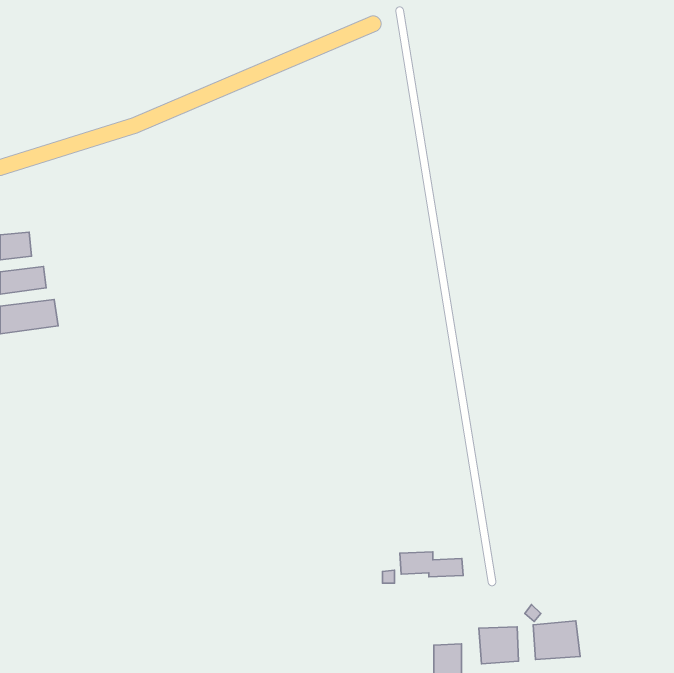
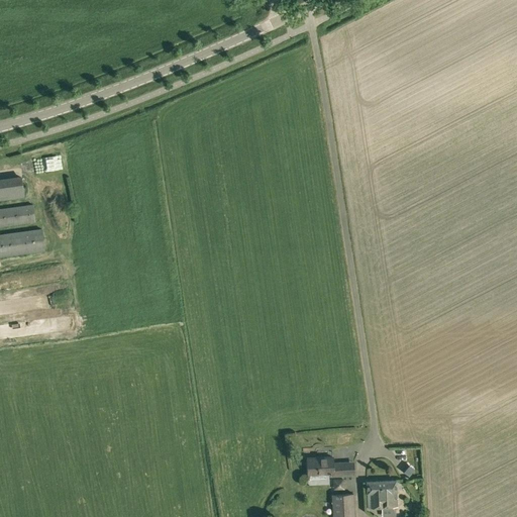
building: [400,552,463,577] -> [307,457,355,477]
building: [533,621,580,660] -> none

